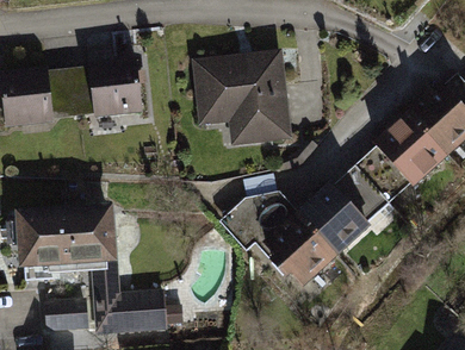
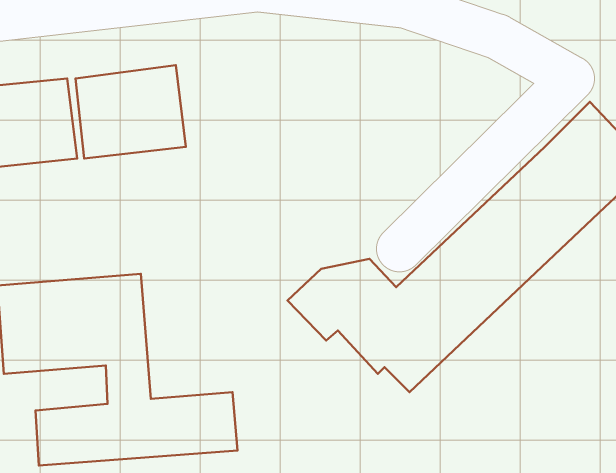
building: [190,48,290,148] -> none

